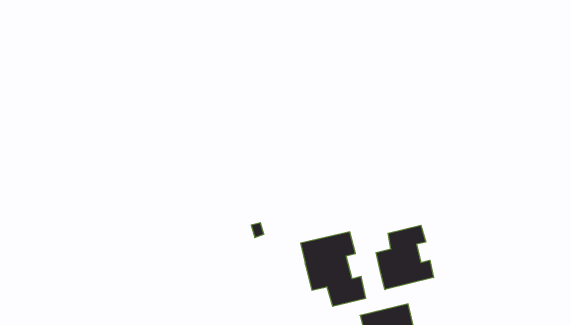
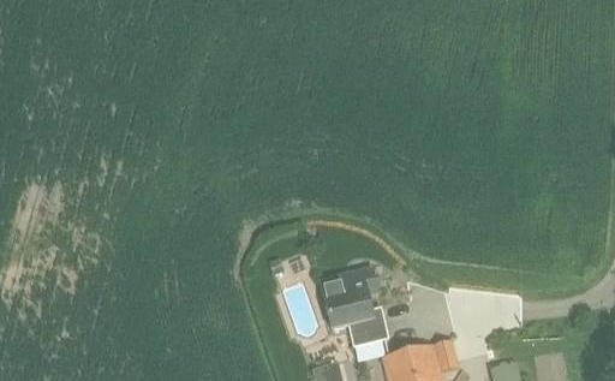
building: [376,225,434,290] -> none

